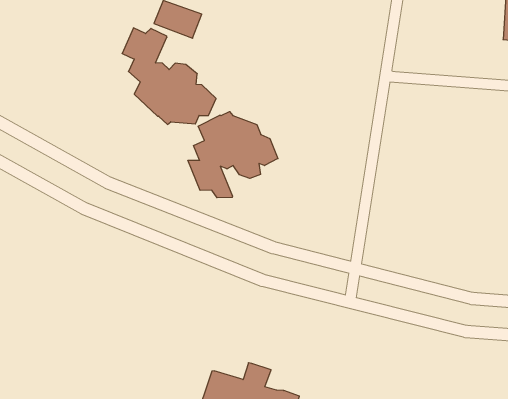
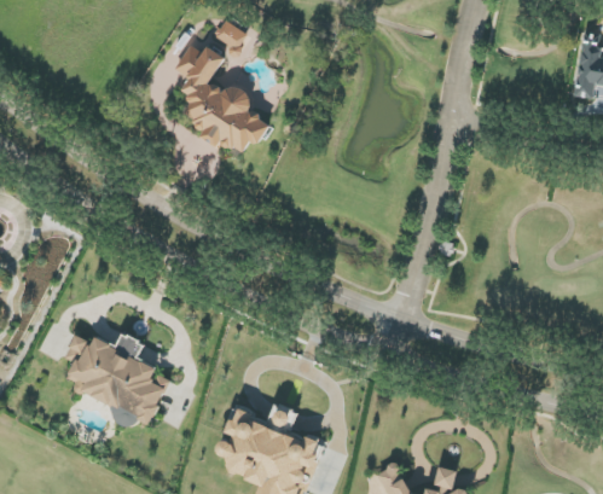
building: [188,112,278,198] -> none
building: none -> [65,333,169,423]

